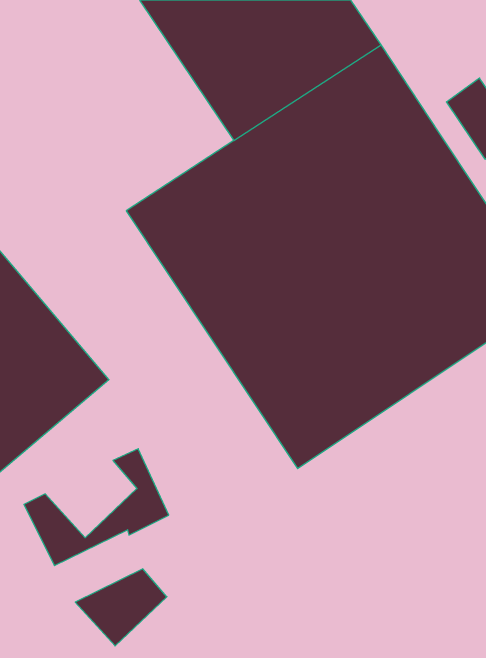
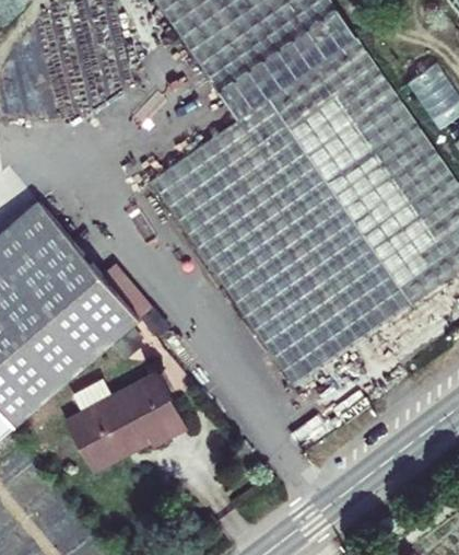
building: [75,569,167,646] -> [84,382,160,446]

